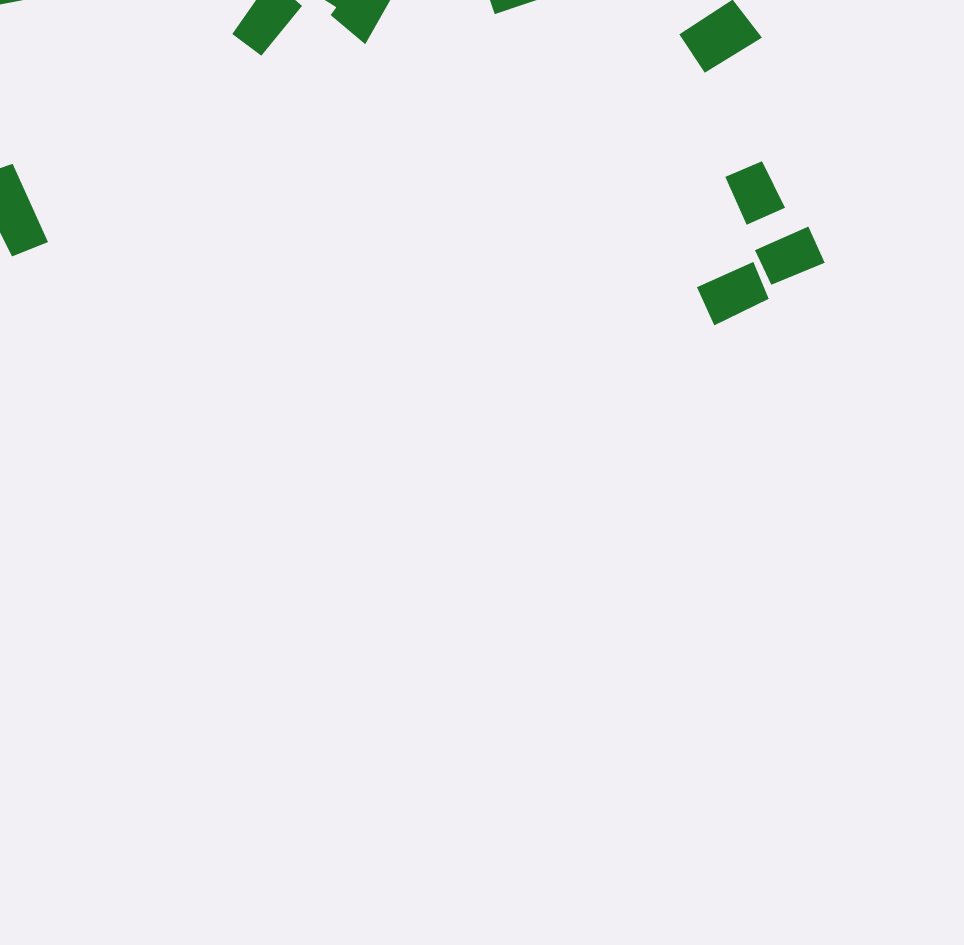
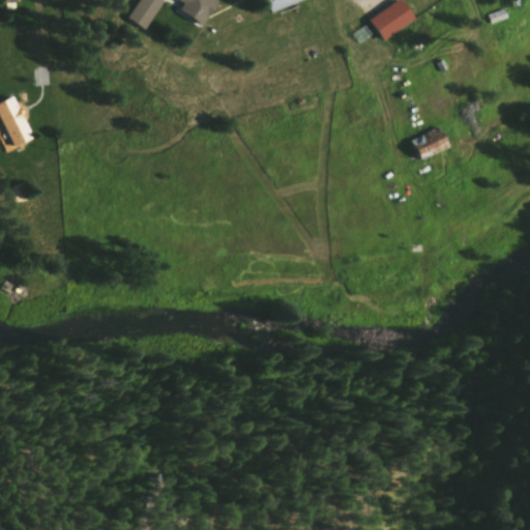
building: [724,160,786,226] -> none
building: [696,261,770,326] -> none

